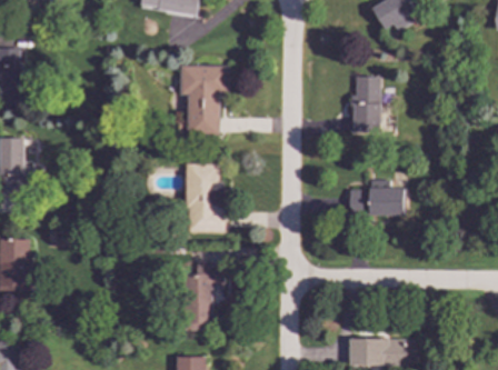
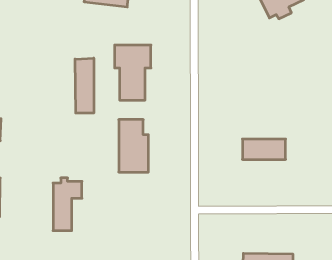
building: [351,76,380,131] -> none
building: none -> [75,58,94,113]
building: [187,260,225,329] -> [53,178,82,231]

